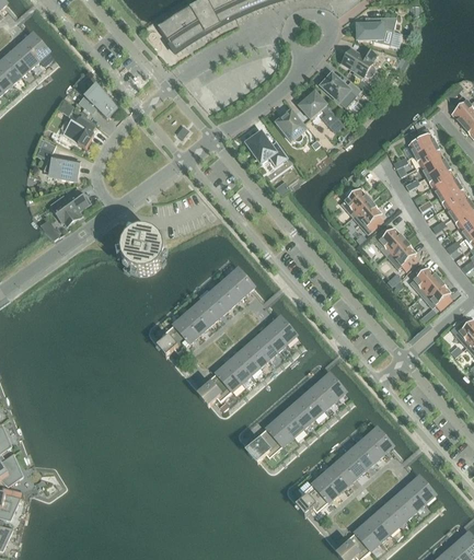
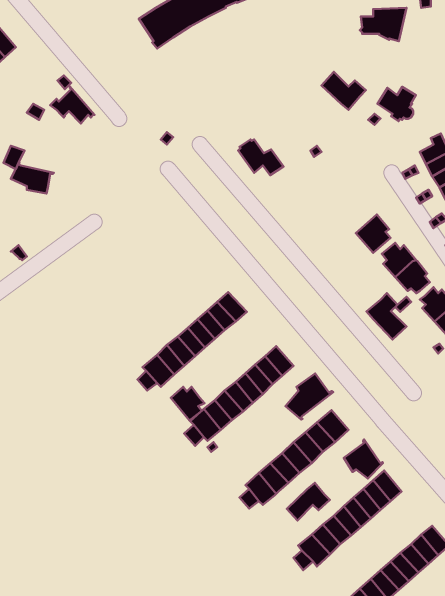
building: [342,46,375,77] -> [378,87,416,121]
building: [298,91,337,125] -> none
building: [275,109,303,140] -> none
building: [62,116,95,148] -> none
building: [339,187,370,215] -> none
building: [50,188,90,225] -> none
building: [119,230,164,273] -> none
building: none -> [367,293,407,340]
building: none -> [286,374,333,420]
building: none -> [171,387,204,420]
building: none -> [344,440,383,478]
building: none -> [287,483,330,520]

